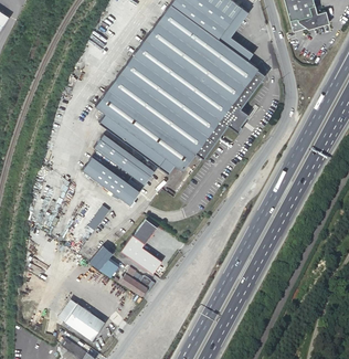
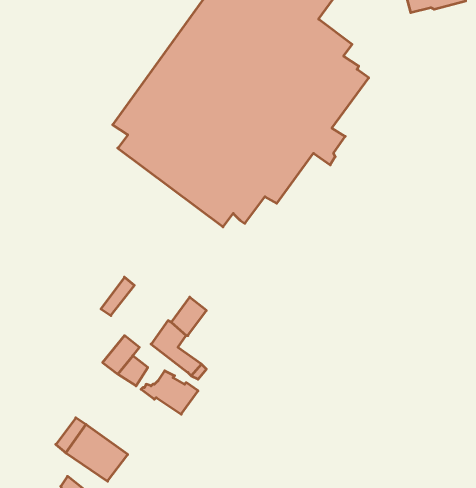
building: [94,134,155,184] -> none
building: [82,157,139,204] -> none

